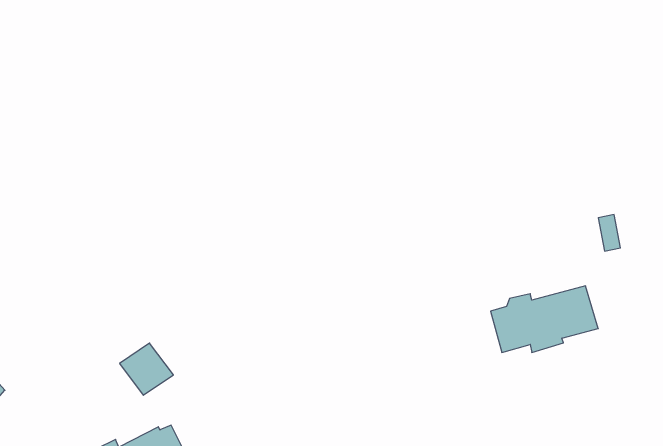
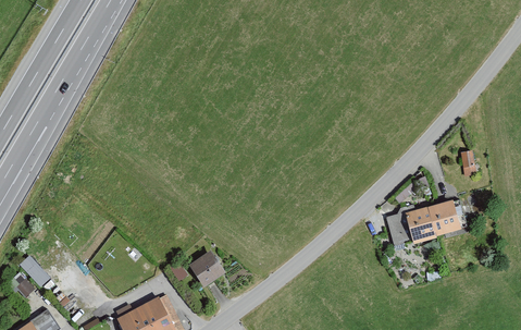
building: [120,343,173,395] -> [188,250,225,286]

